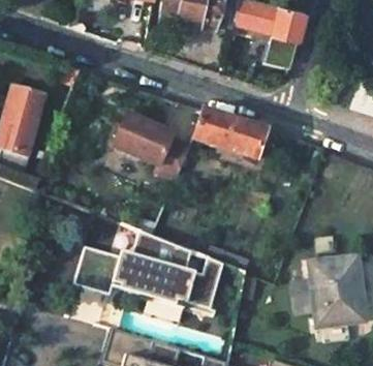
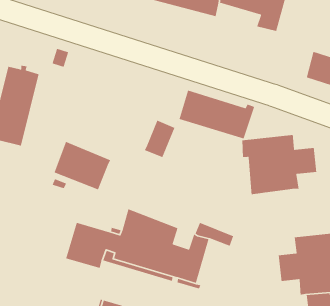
building: [110,118,169,170] -> [54,141,111,191]
building: none -> [241,134,317,195]

